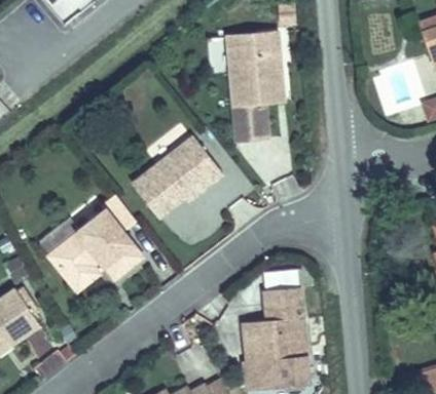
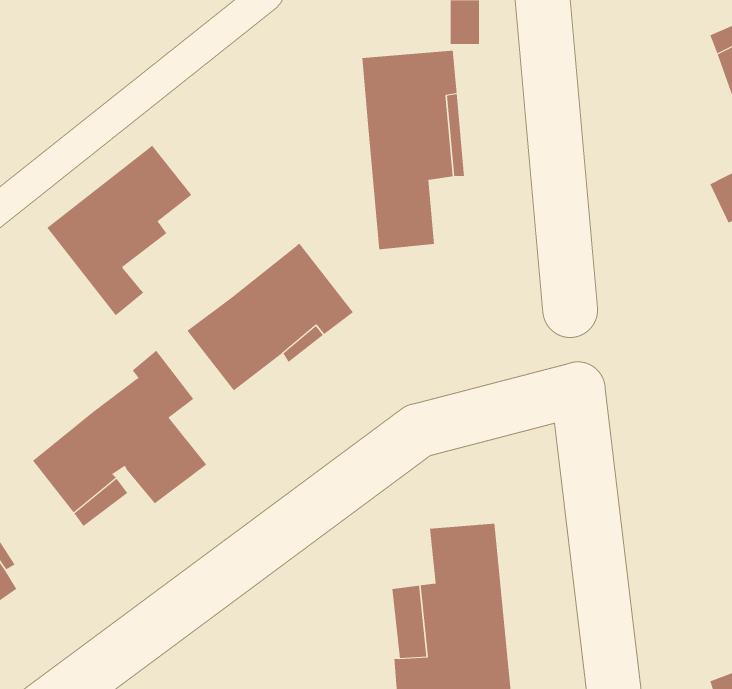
building: none -> [46,145,192,316]

